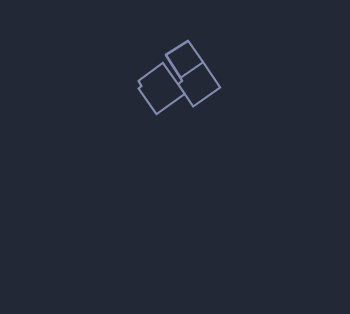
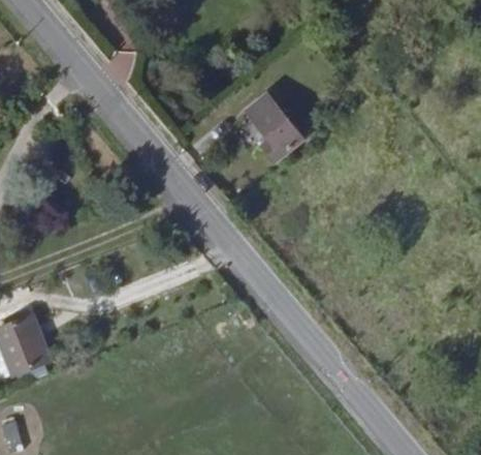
building: [138,63,185,114] -> none

